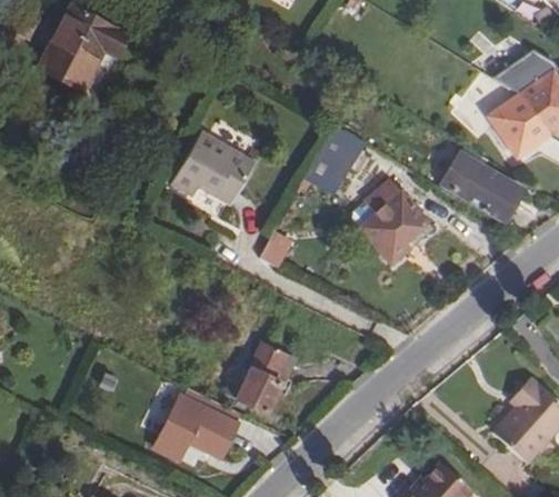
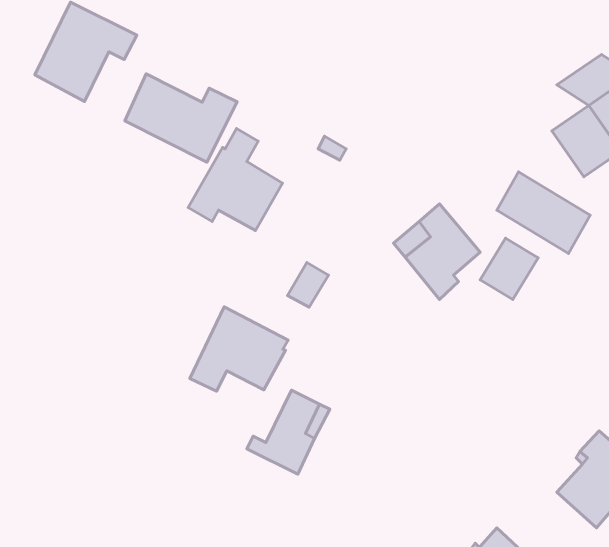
building: none -> [125,74,237,162]
building: [307,127,369,195] -> none
building: none -> [480,238,538,300]
building: [156,386,241,459] -> [190,307,288,391]

